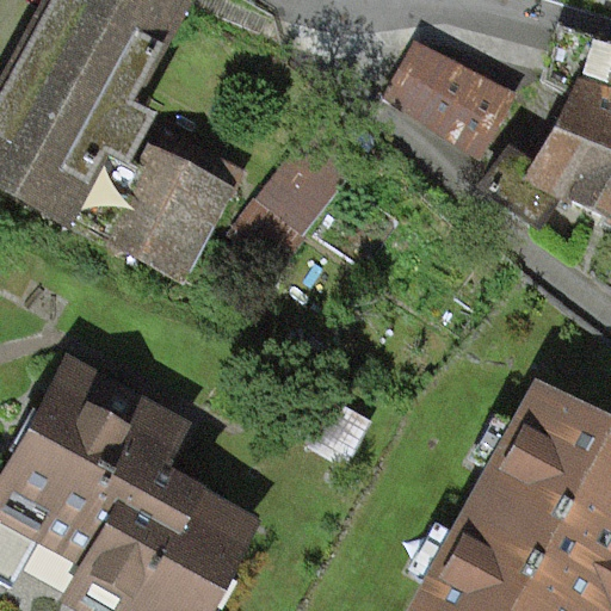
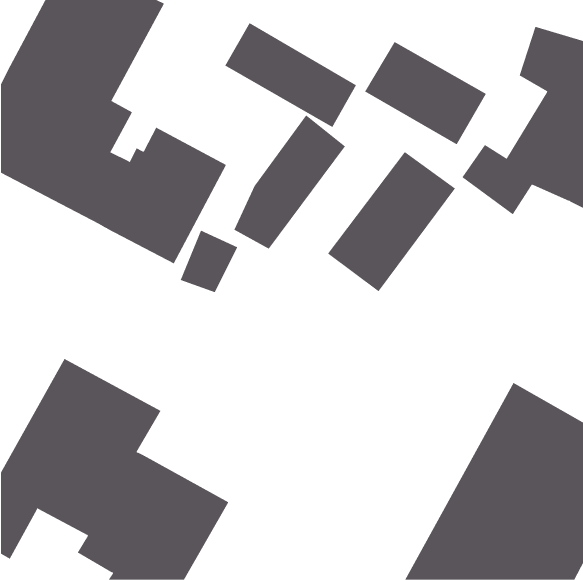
building: none -> [224,22,357,128]
building: none -> [327,151,456,292]

